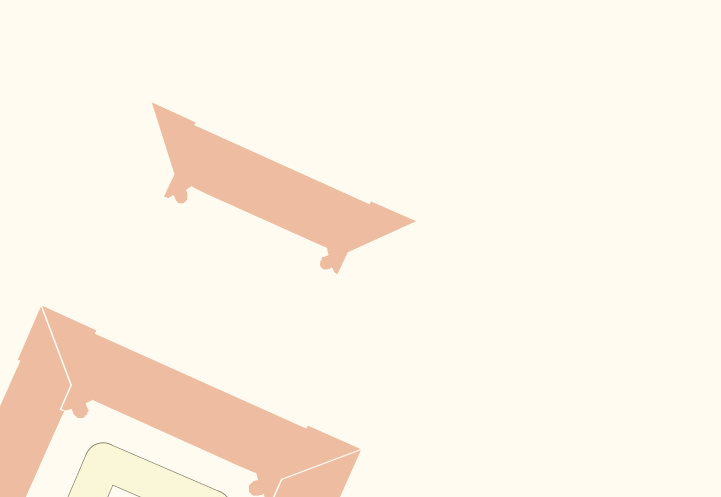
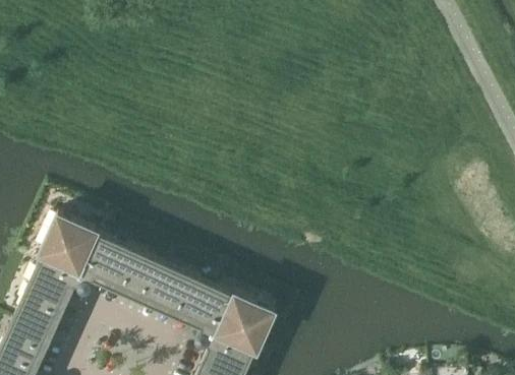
building: [151,101,418,275] -> none

